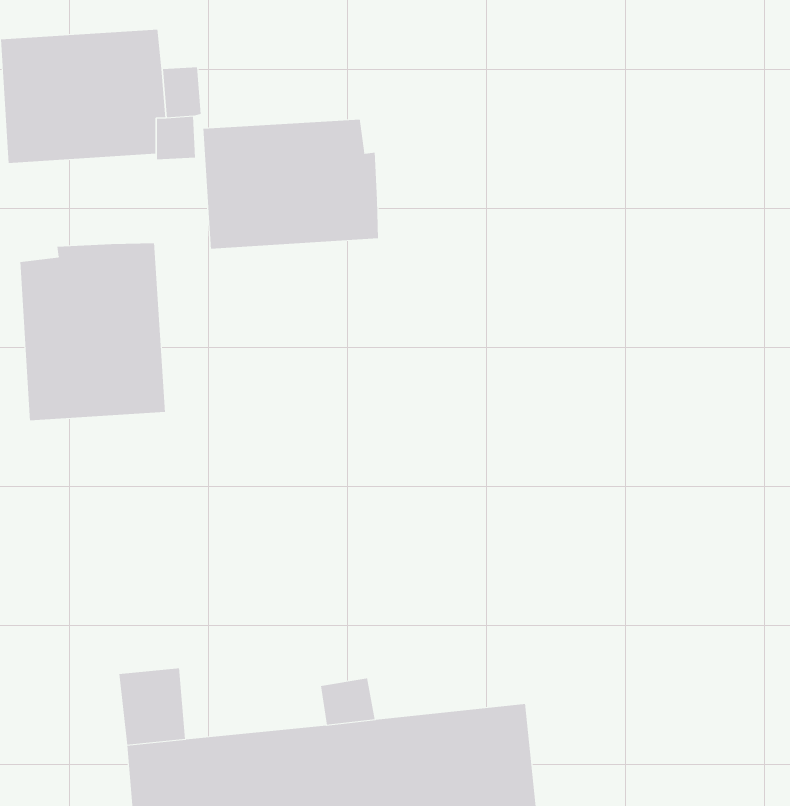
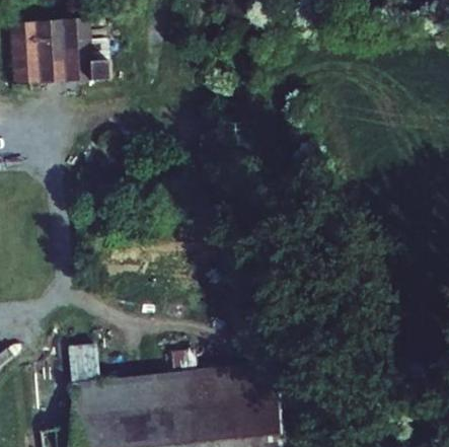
building: [203,119,378,250] -> none
building: [20,242,165,421] -> none

